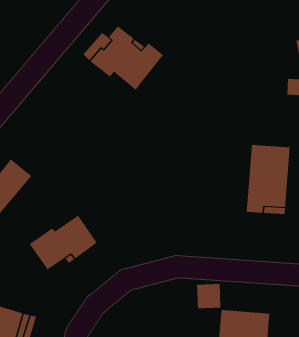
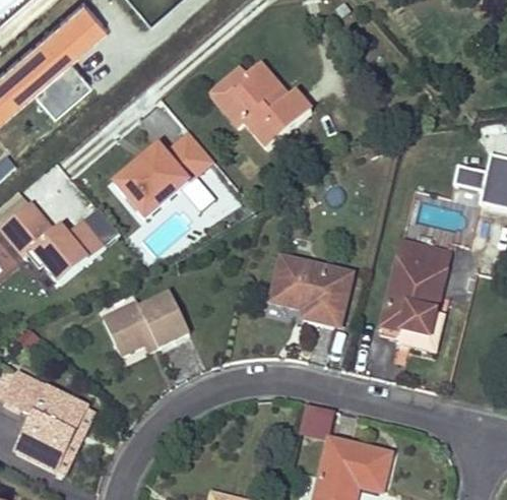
building: none -> [108,131,214,224]
building: none -> [269,256,351,325]

